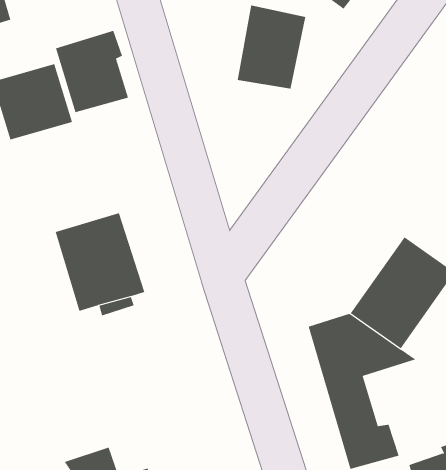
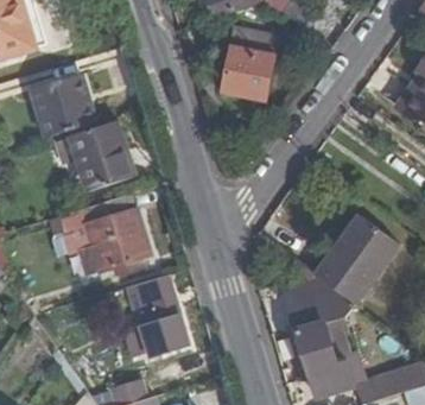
building: [55,30,129,113] -> [64,125,122,190]
building: none -> [128,276,188,357]

